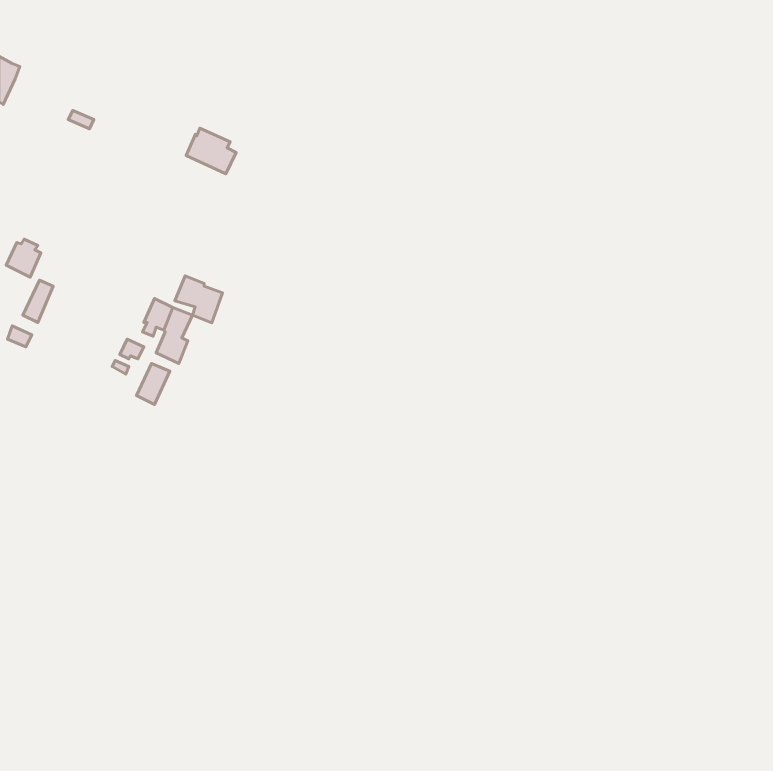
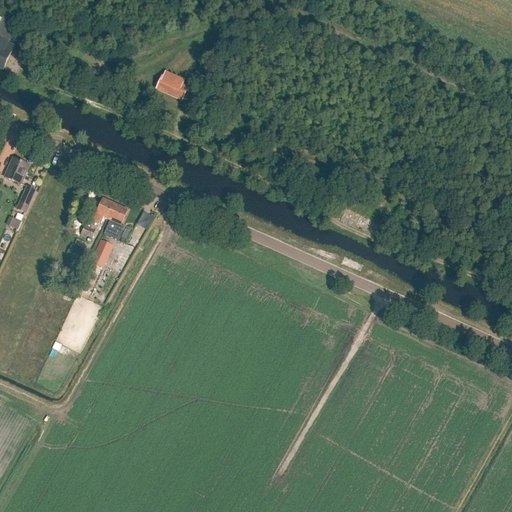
building: [186,128,236,174] -> [155,70,188,100]
building: [175,276,222,323] -> none

